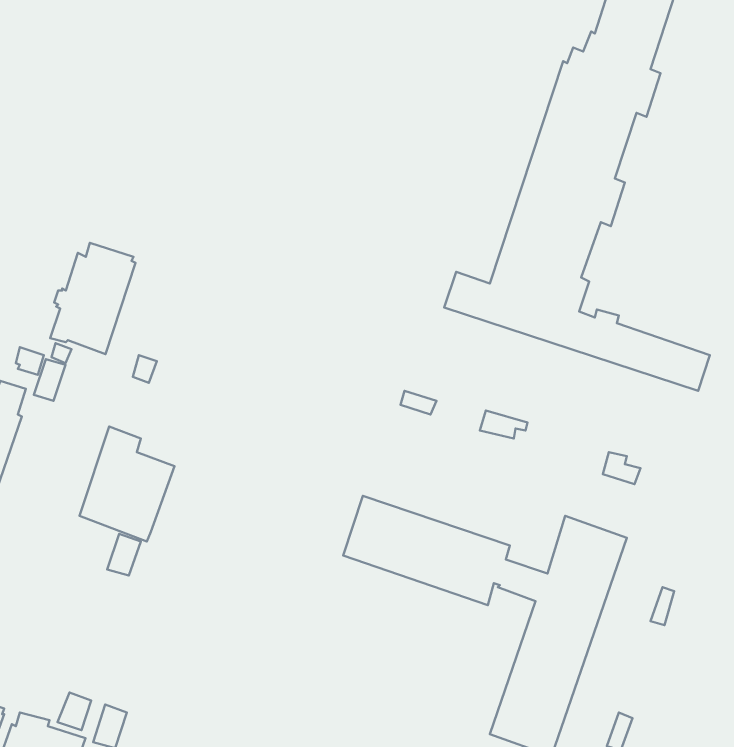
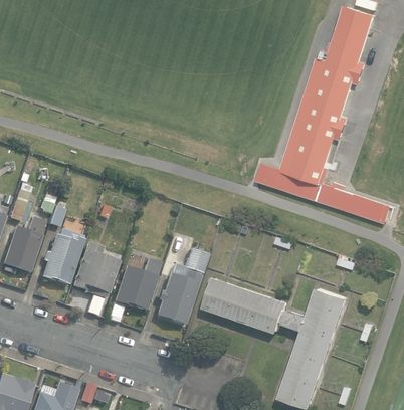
building: [50,243,135,354] -> [40,229,83,285]
building: none -> [155,249,209,326]
building: none -> [107,258,161,324]

